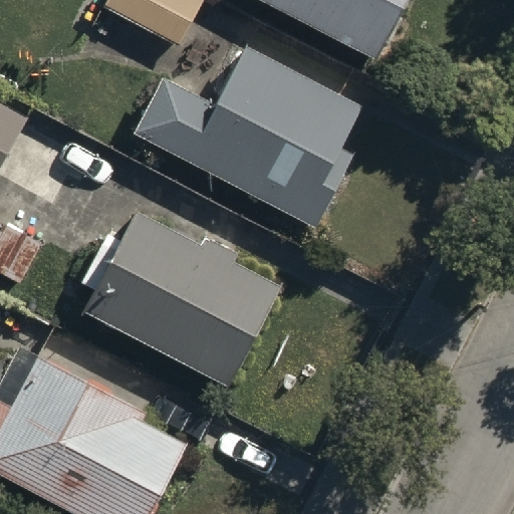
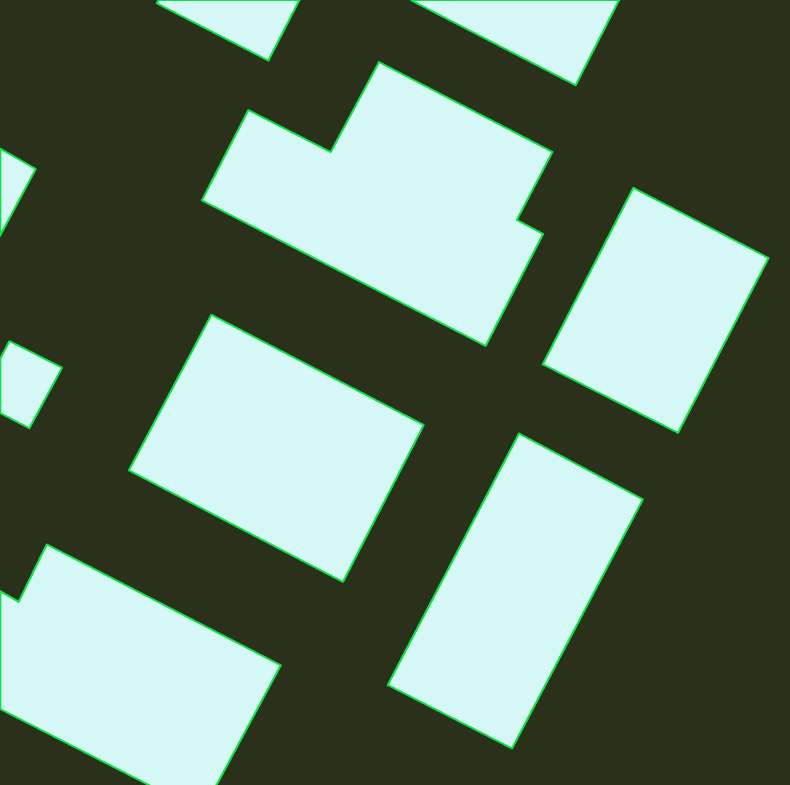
building: none -> [543,188,769,433]
building: none -> [388,433,643,748]

